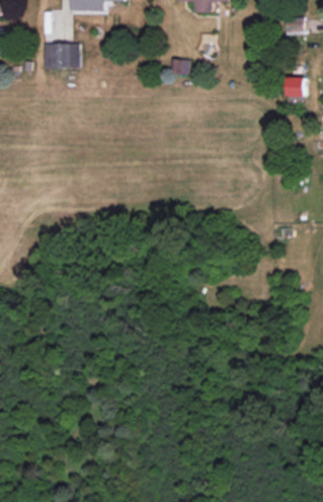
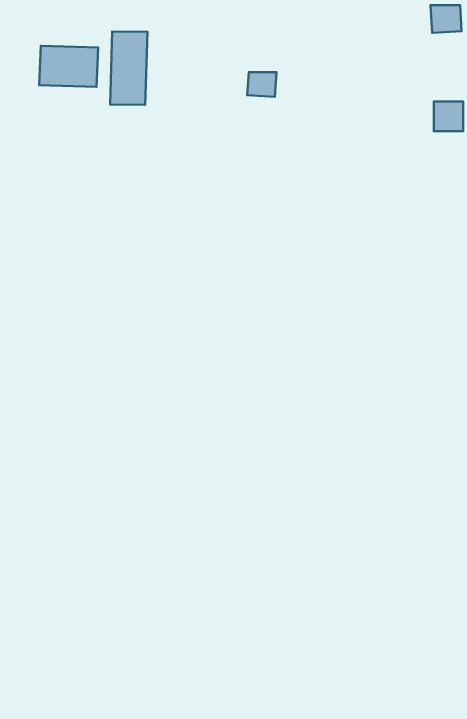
building: none -> [110,31,147,105]

